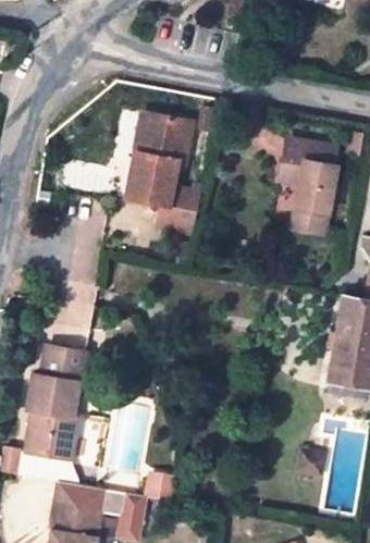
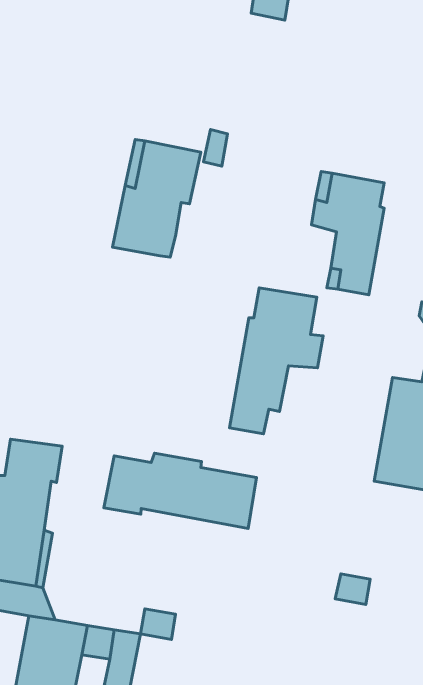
building: [157,184,200,232] -> none
building: none -> [229,288,323,434]
building: none -> [104,453,257,528]

